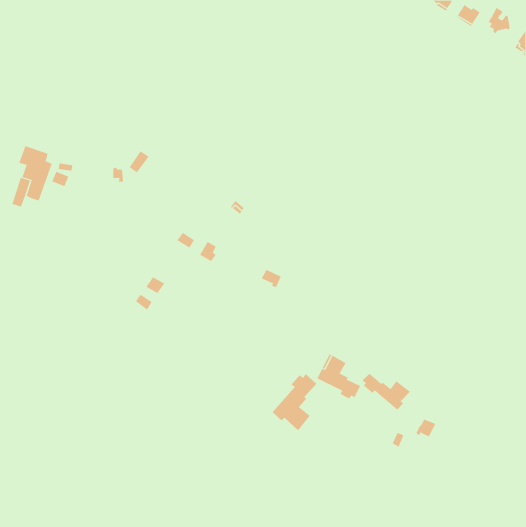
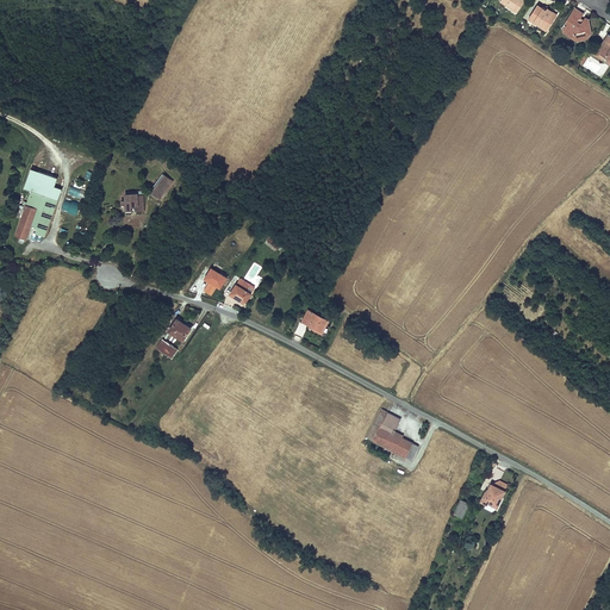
building: [362,373,411,410] -> none
building: [272,373,317,431] -> none

